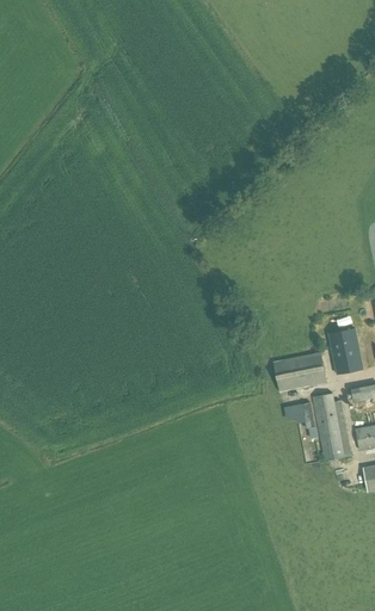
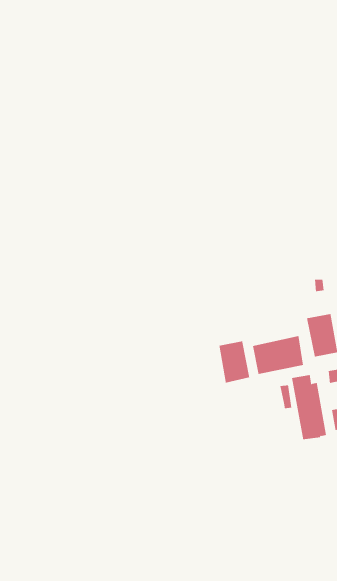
building: none -> [219,341,250,384]

